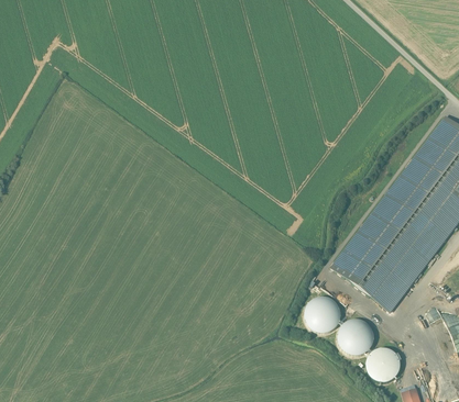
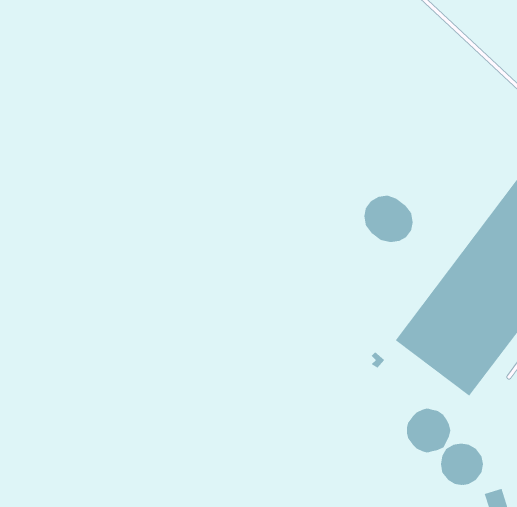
building: none -> [364,195,413,243]
building: [305,295,341,332] -> none

